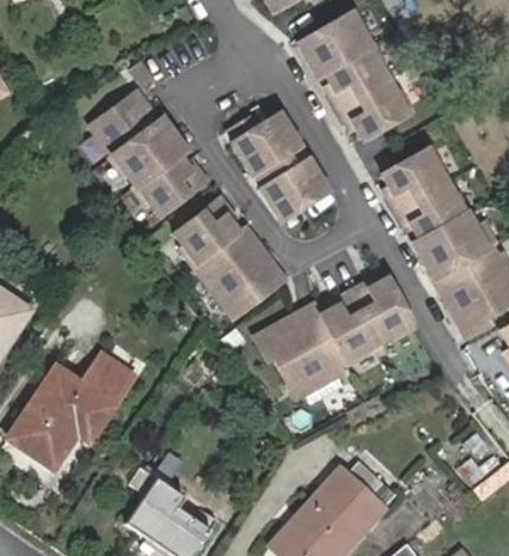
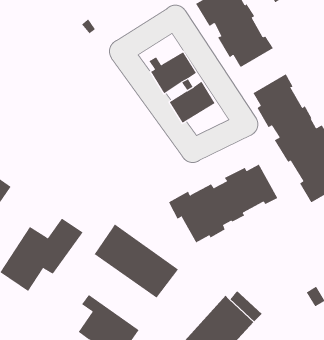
building: [90,92,207,216] -> none
building: [172,197,284,316] -> none
building: none -> [94,224,179,298]

